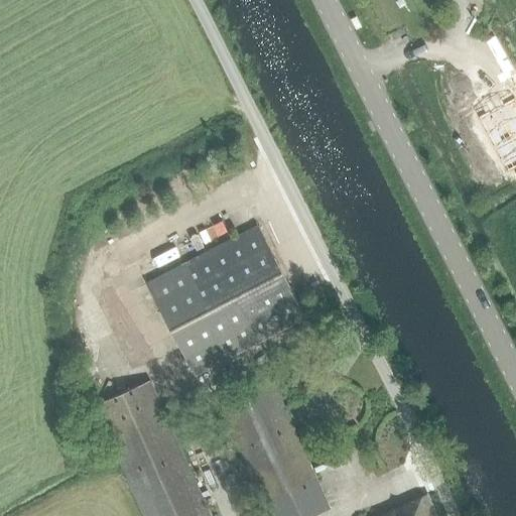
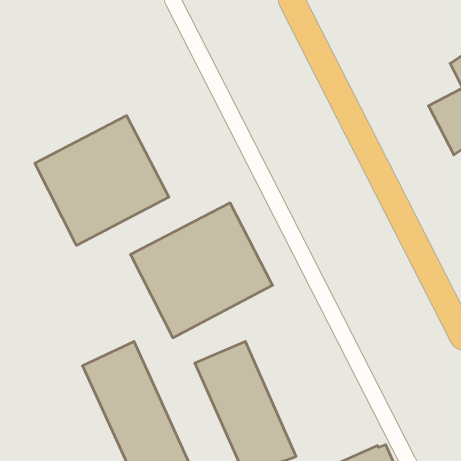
building: none -> [35,116,169,245]

